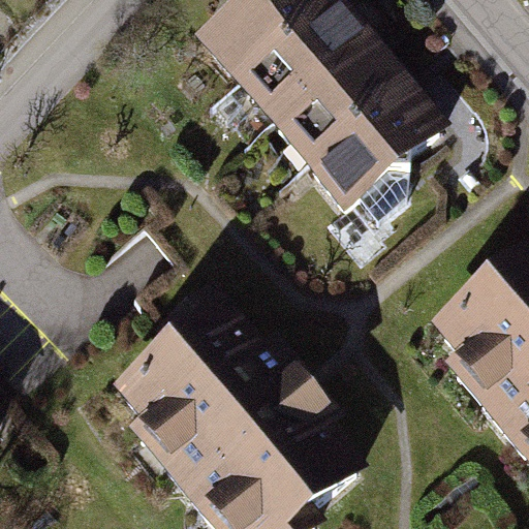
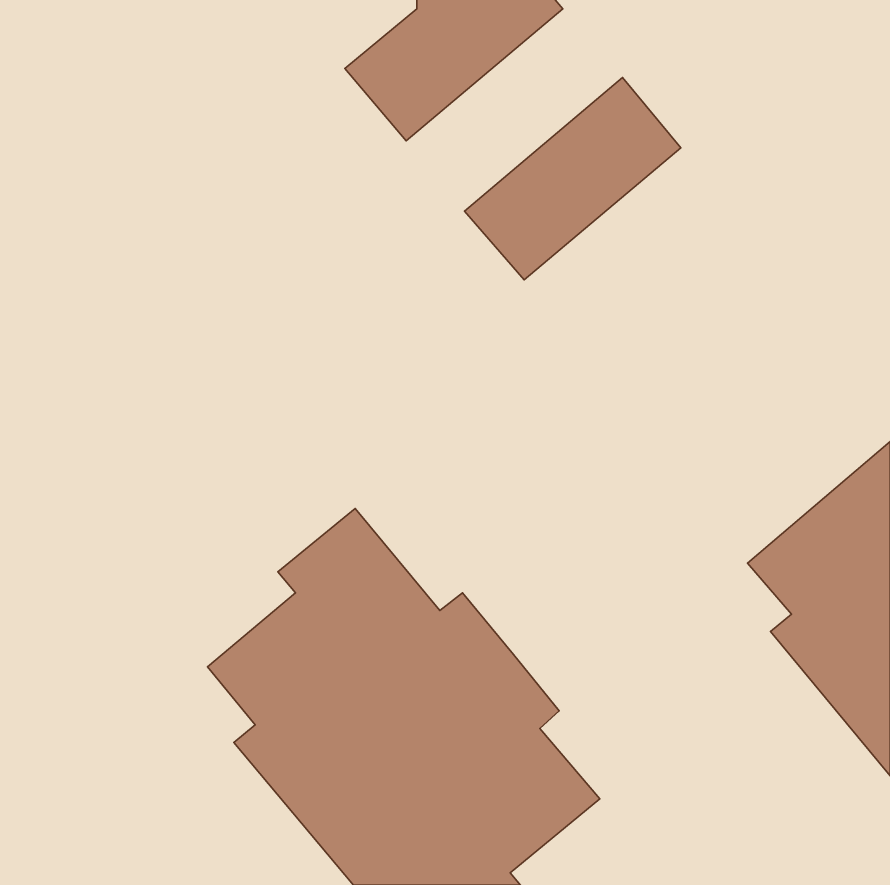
building: [239,5,366,124] -> none
building: [308,87,435,220] -> none

